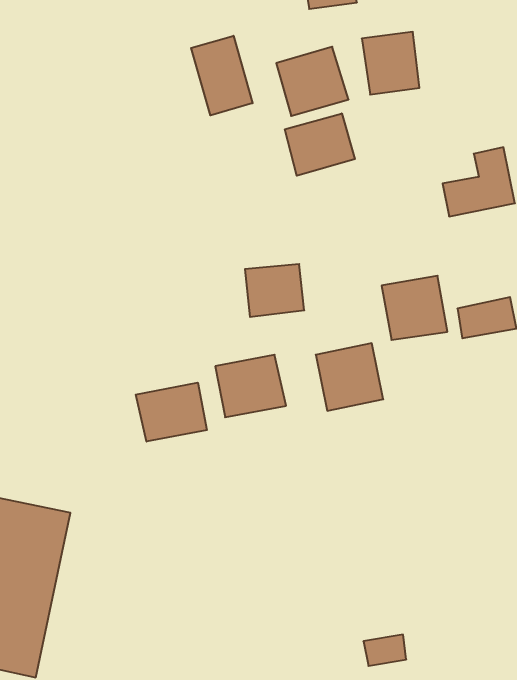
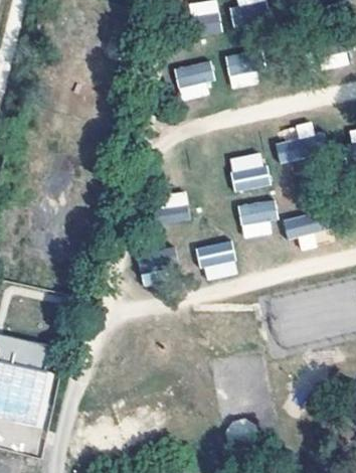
building: [191,36,253,115] -> none
building: [285,113,355,176] -> none
building: none -> [229,153,269,191]
building: [136,383,207,442] -> none

